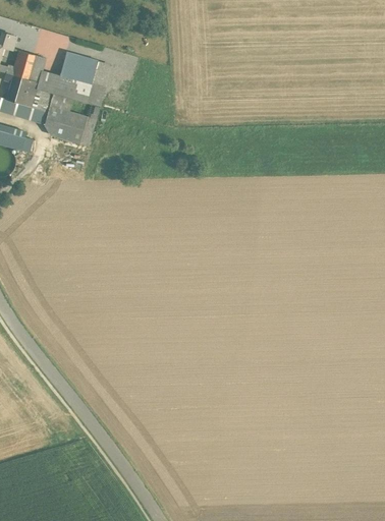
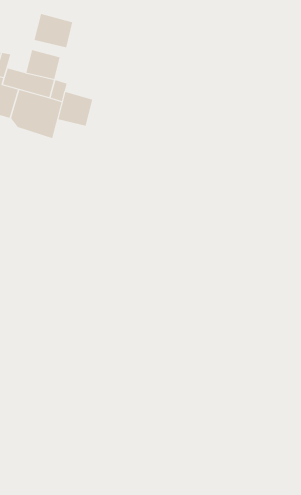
building: none -> [34,13,73,48]
building: none -> [58,91,93,127]

